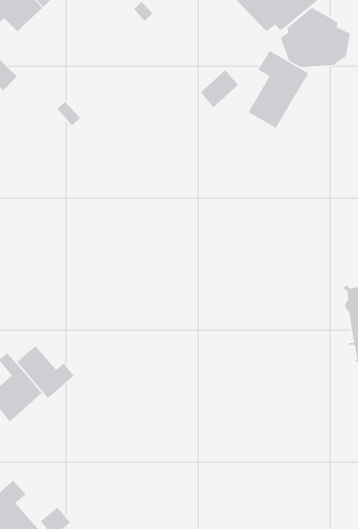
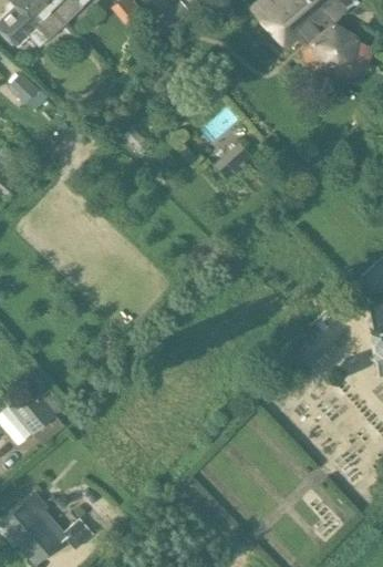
building: [247,50,309,129] -> none
building: [200,69,239,108] -> [213,142,251,181]
building: [16,345,75,399] -> none

